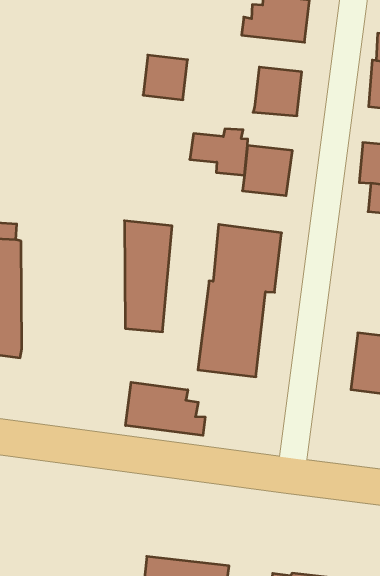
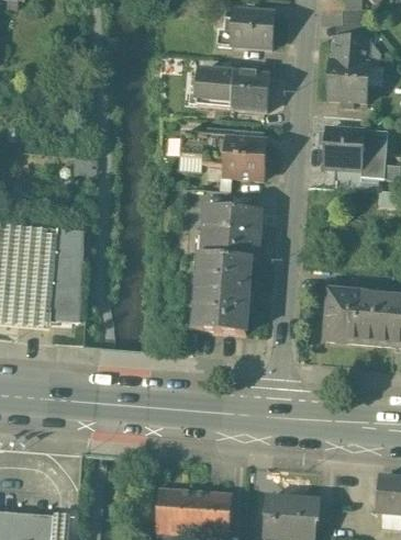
building: [143,55,188,100] -> [198,68,234,104]
building: [124,221,172,332] -> [40,228,80,320]
building: [126,382,205,435] -> none

